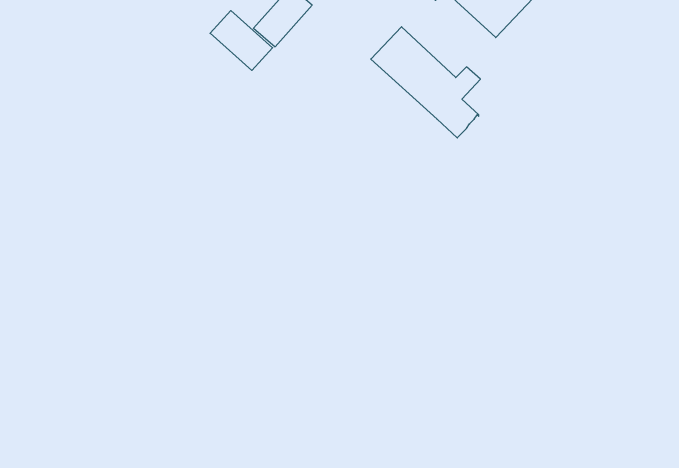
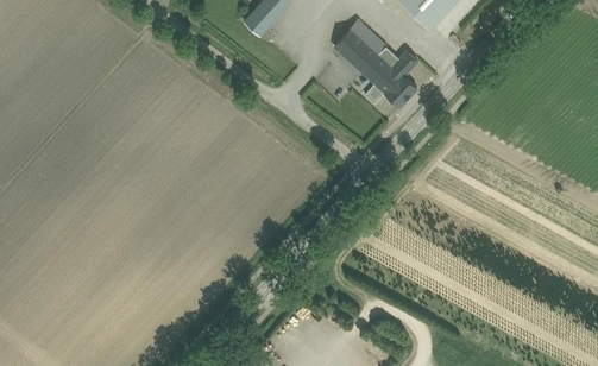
building: [210,11,273,70] -> none

